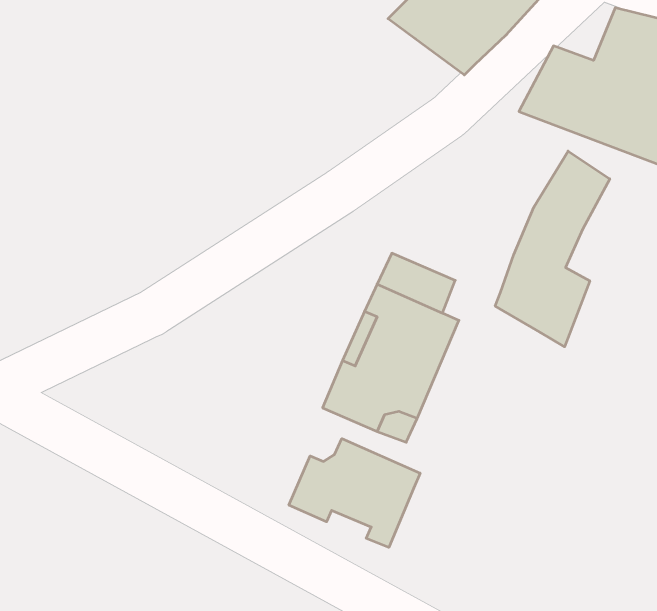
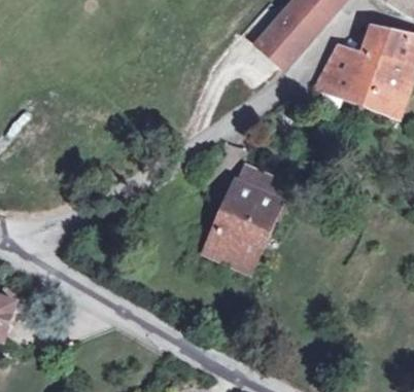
building: [495,151,610,347] -> none
building: [289,439,420,547] -> none

